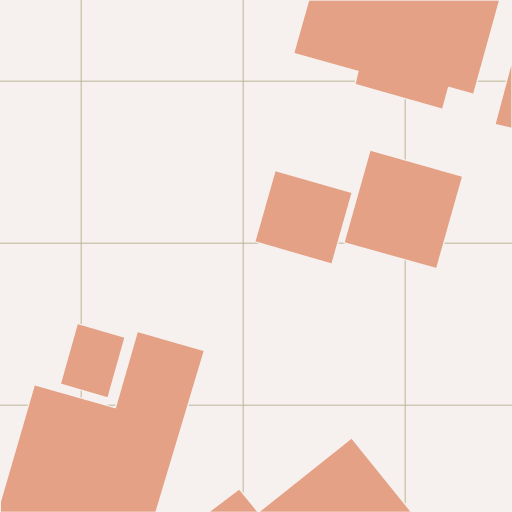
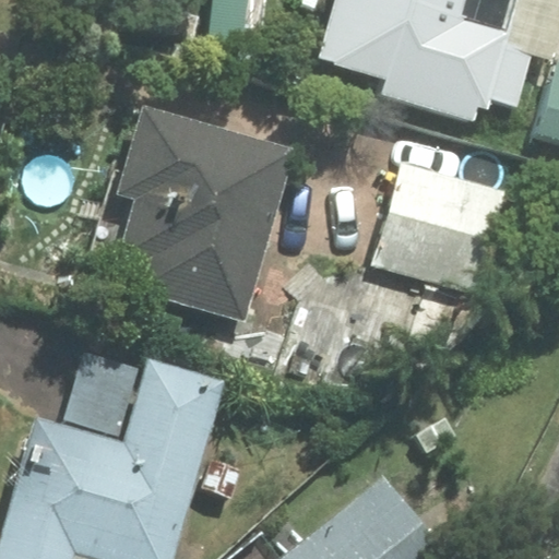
building: none -> [119,107,290,318]
building: [255,170,352,264] -> none

